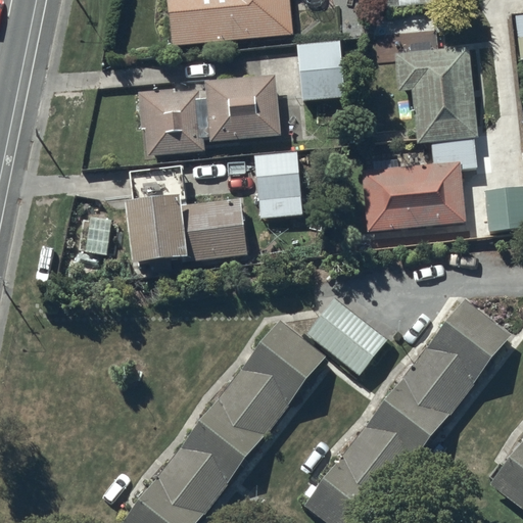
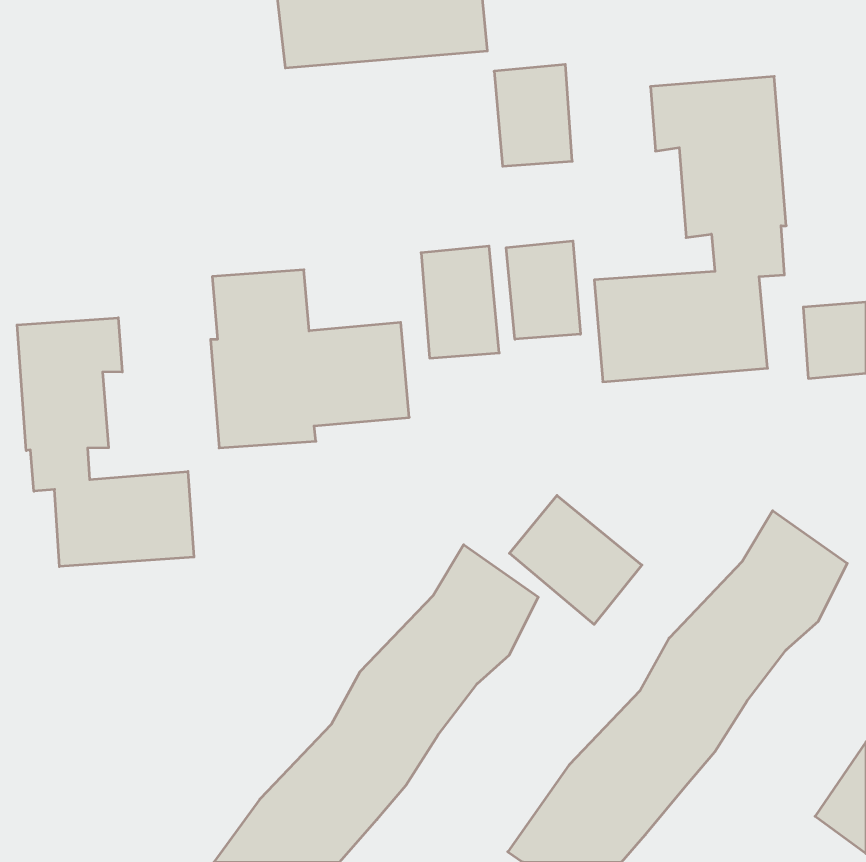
building: [137,74,278,153] -> none
building: none -> [506,241,580,339]
building: none -> [17,318,194,567]

